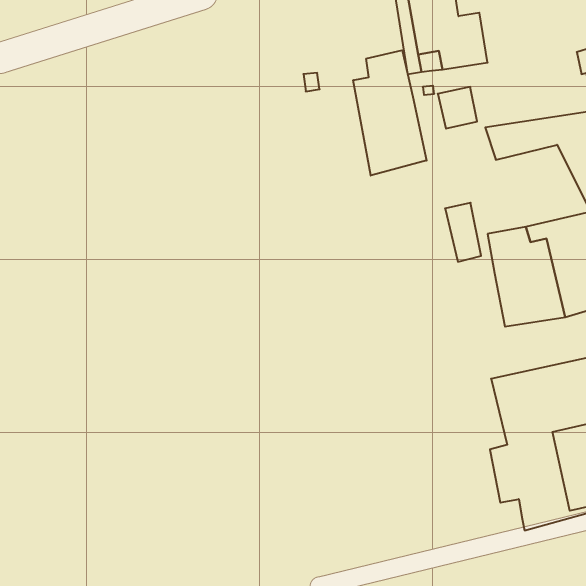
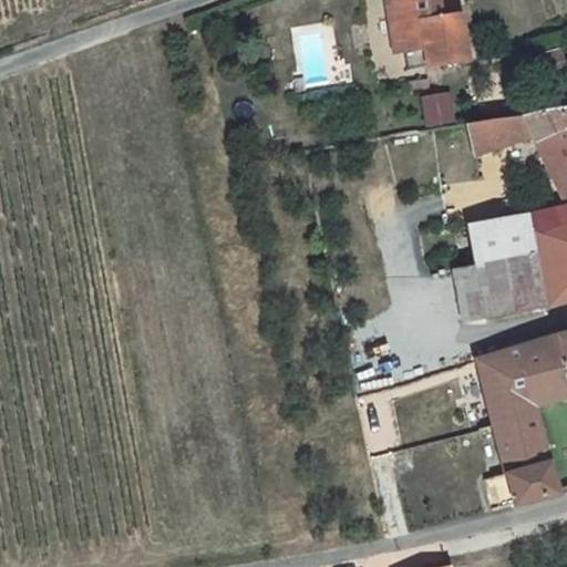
building: [353,50,427,176] -> none
building: [445,203,481,262] -> [454,261,488,318]

